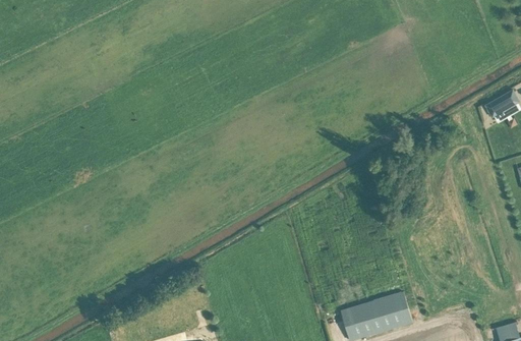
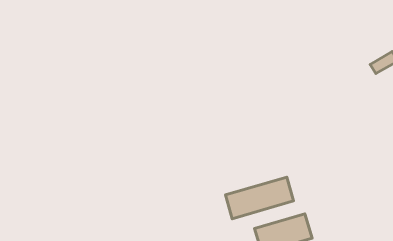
building: none -> [226,177,294,219]

